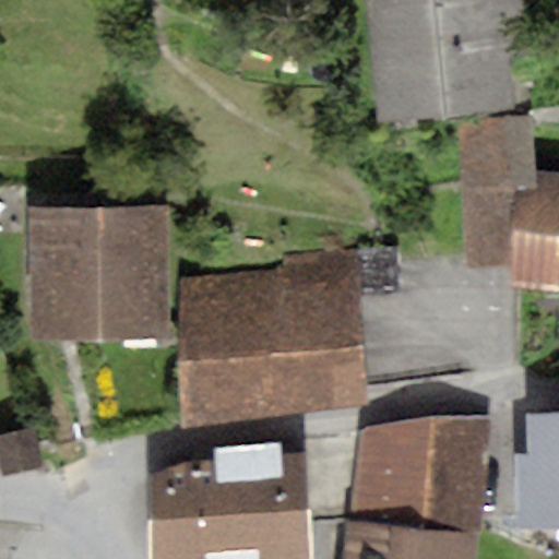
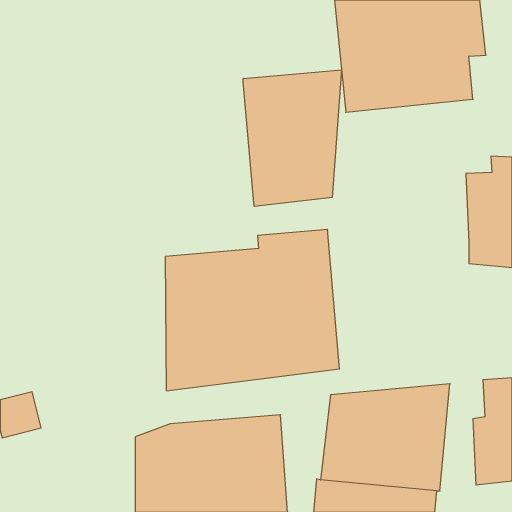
building: none -> [243,70,342,206]
building: [457,120,536,267] -> none
building: [29,205,167,340] -> none

